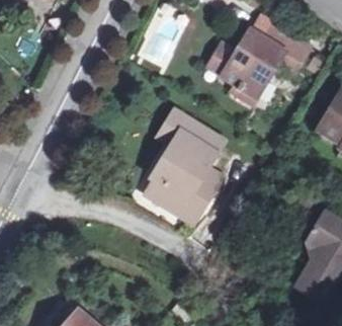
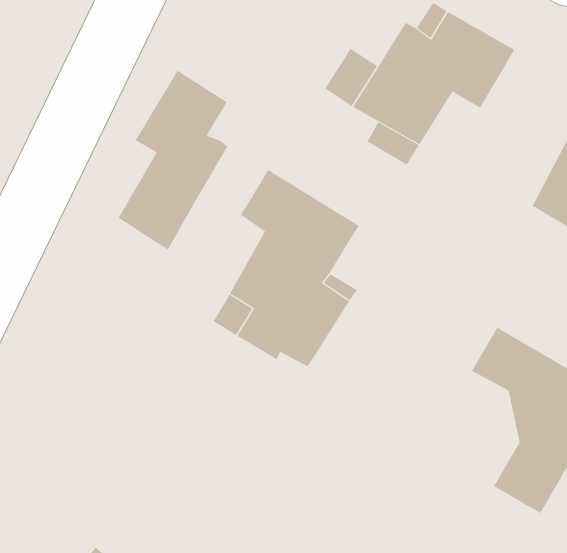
building: none -> [118,70,228,250]

